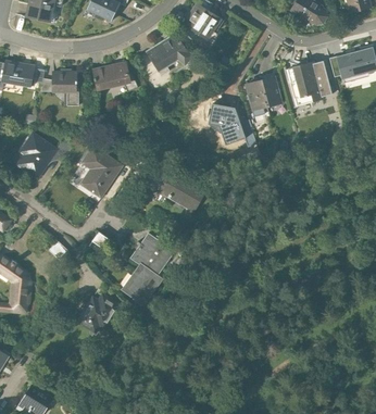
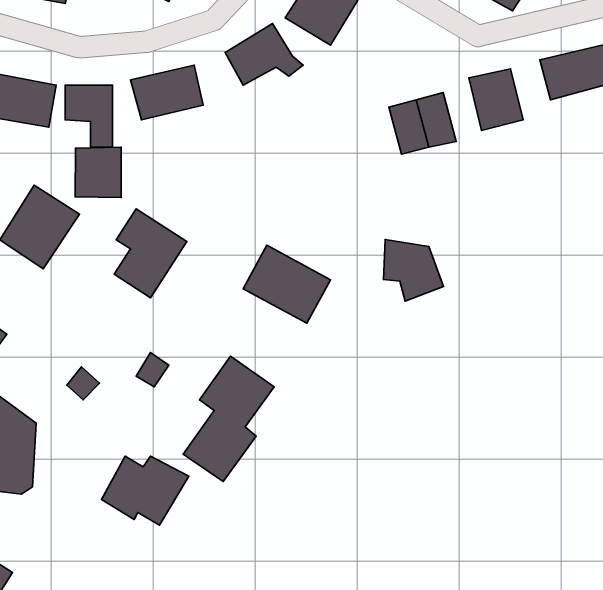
building: [208,101,243,138] -> [383,239,443,301]
building: none -> [75,147,121,198]

